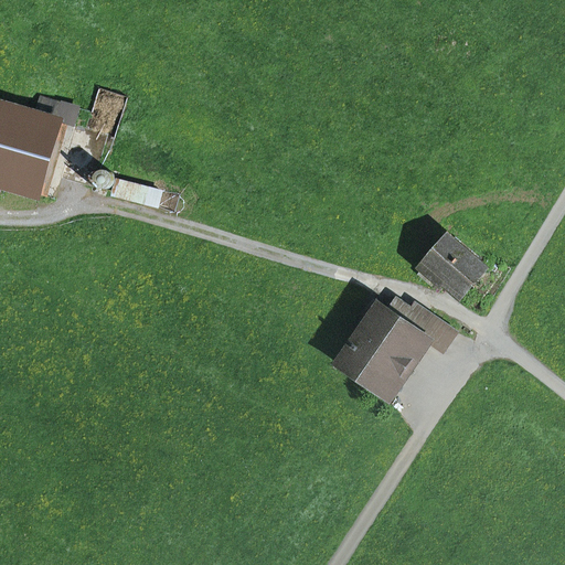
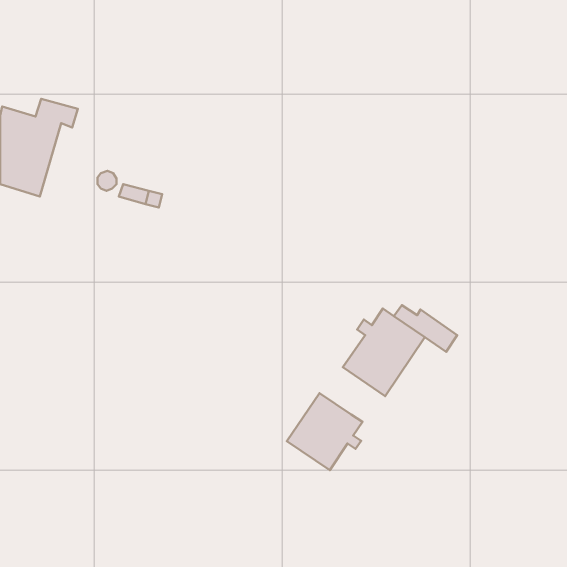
building: [423,239,482,295] -> none
building: none -> [287,393,362,470]

